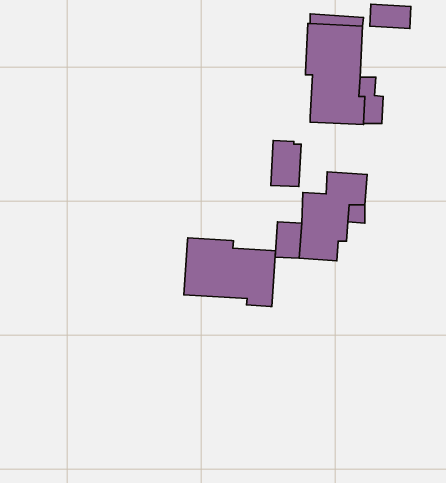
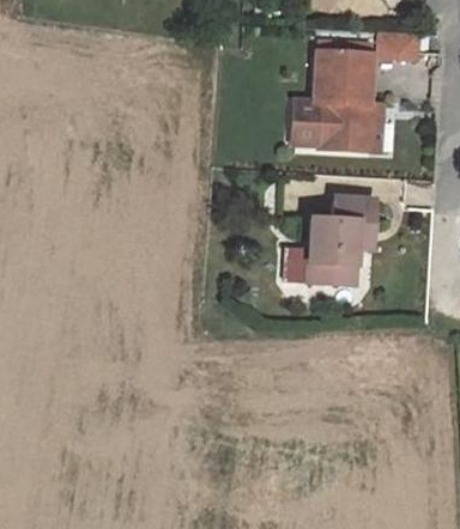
building: [271,140,301,187] -> [292,101,322,146]
building: [184,238,275,306] -> none

